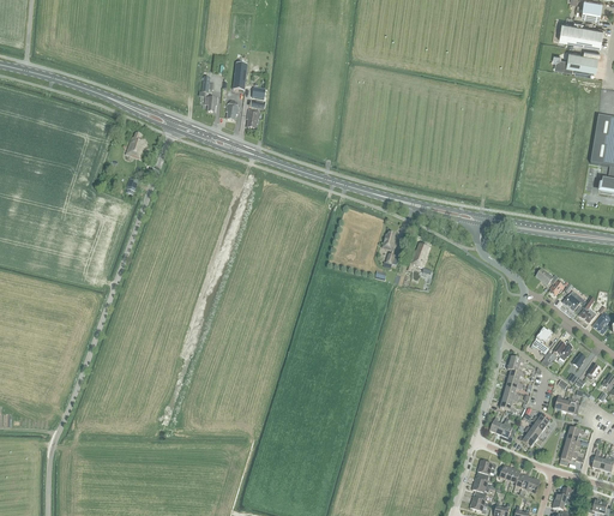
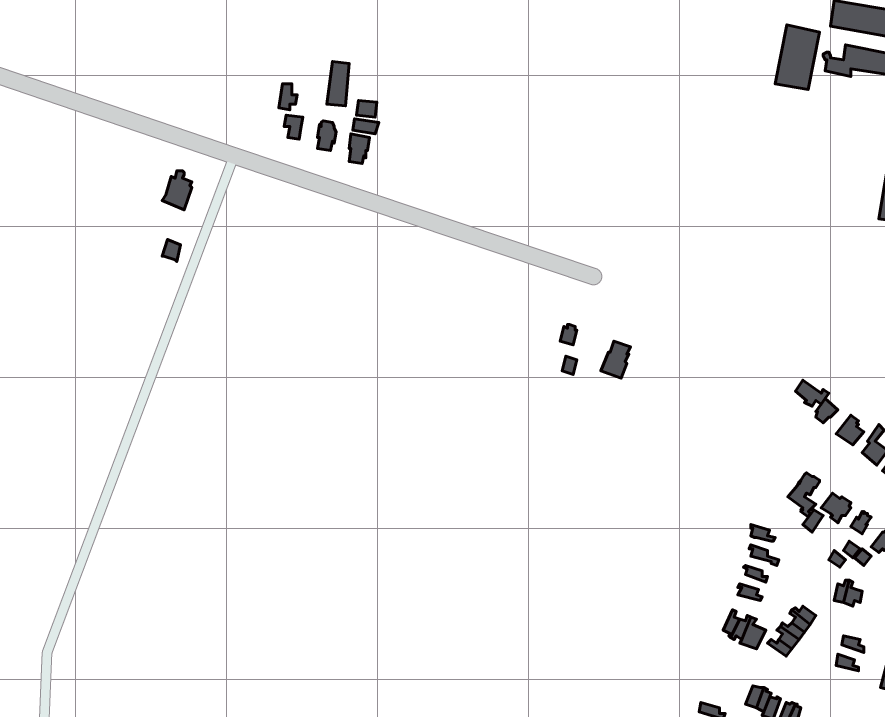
building: none -> [775,25,819,89]

